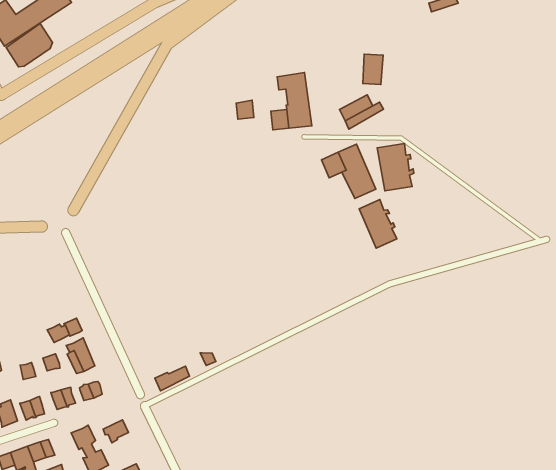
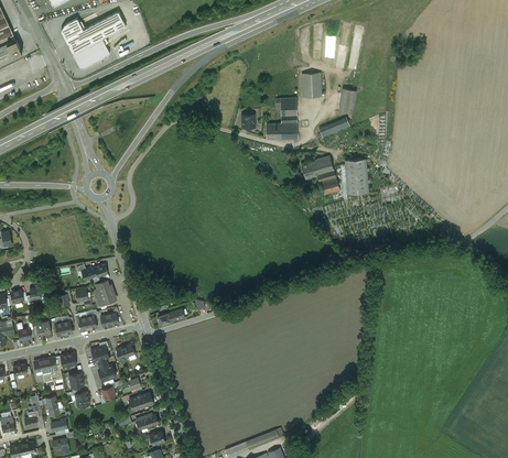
building: none -> [301,73,321,97]
building: [359,199,397,248] -> none

